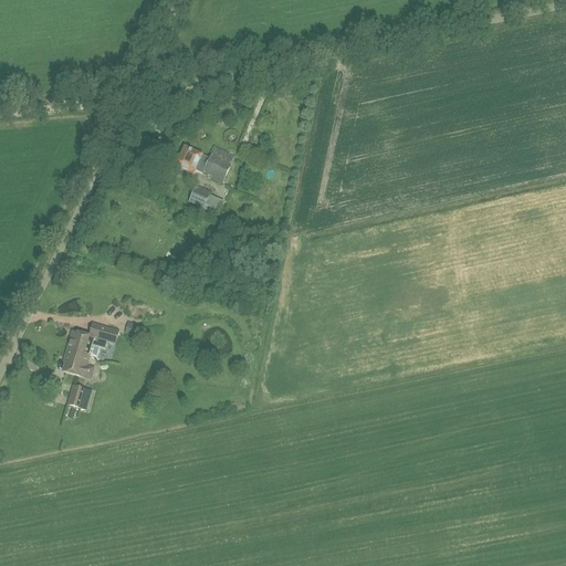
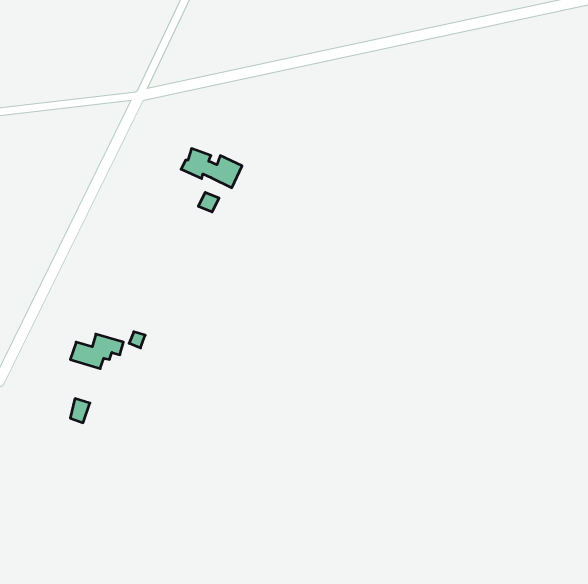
building: [62,345,96,375] -> none

